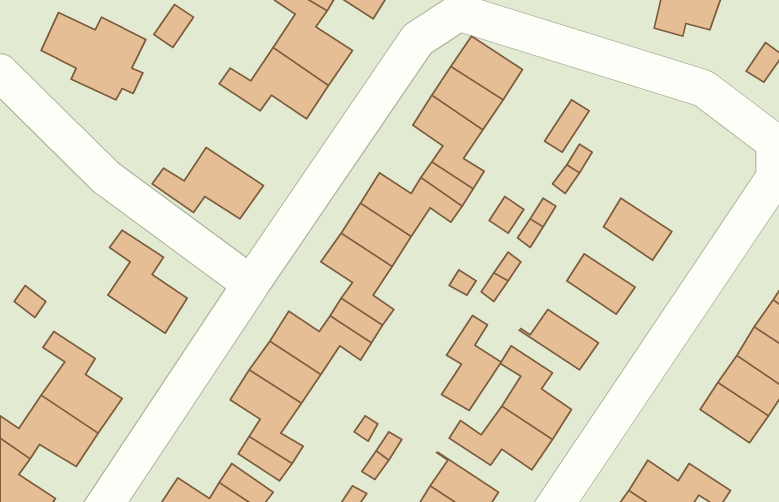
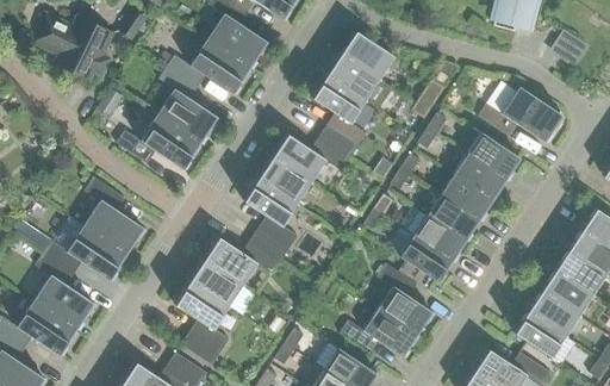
building: none -> [157,68,217,144]
building: none -> [478,77,562,143]
building: none -> [468,129,519,179]
building: none -> [441,175,492,220]
building: none -> [413,216,465,262]
building: none -> [43,226,126,280]
building: [442,316,501,411] -> none
building: none -> [513,312,565,363]

